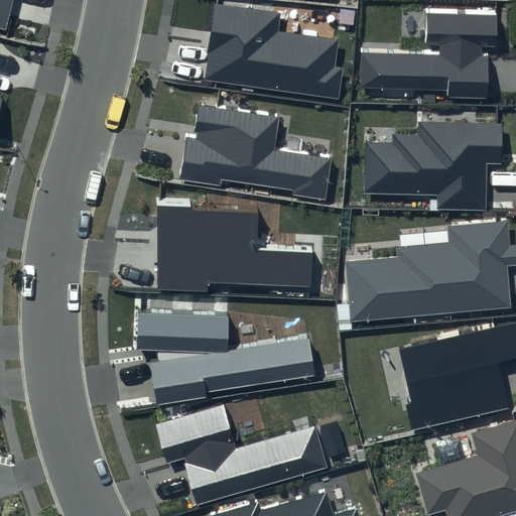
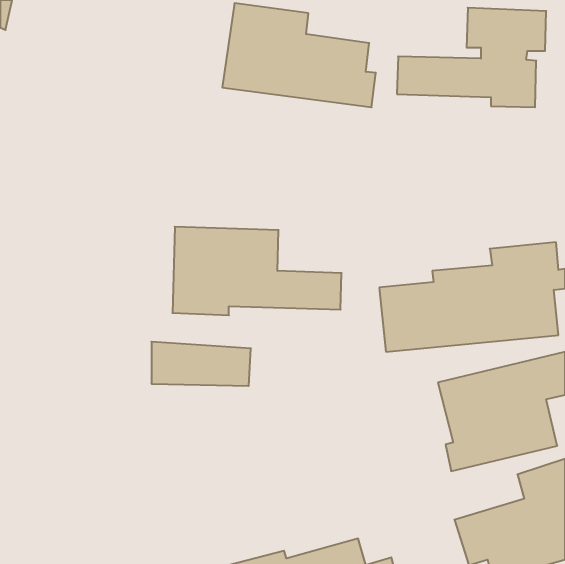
building: [178,106,333,202] -> none
building: [363,124,501,211] -> none
building: [151,338,315,406] -> none
building: [155,407,328,507] -> none

